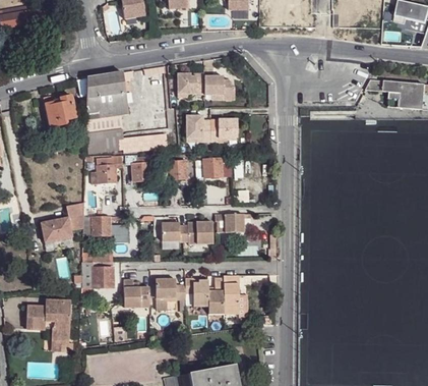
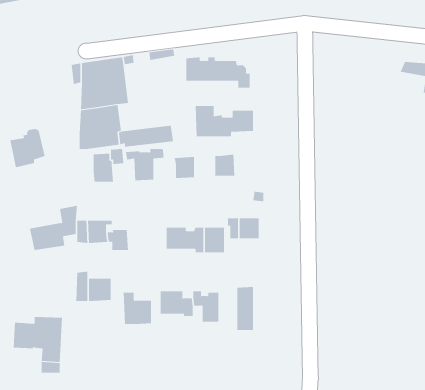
building: [45,93,76,127] -> [9,129,45,168]
building: [207,277,223,313] -> none

